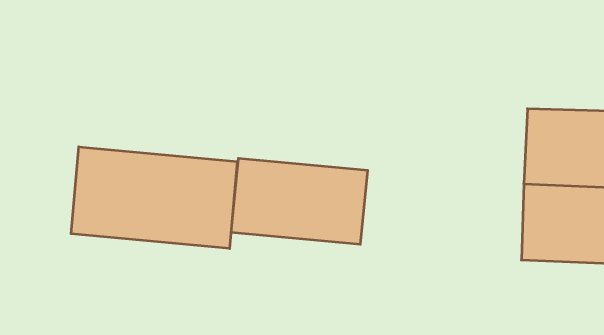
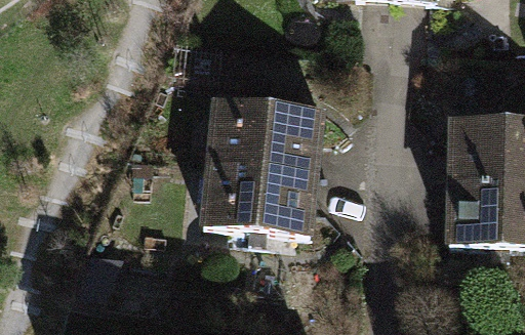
building: none -> [206,98,321,171]
building: [71,147,237,249] -> none

